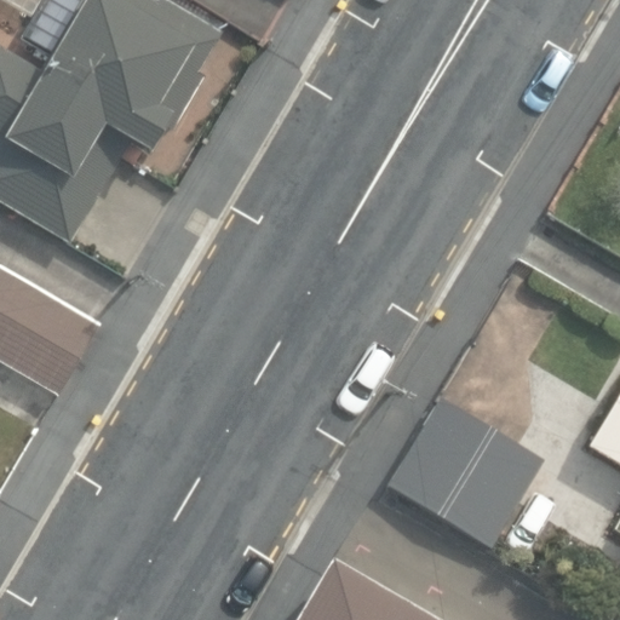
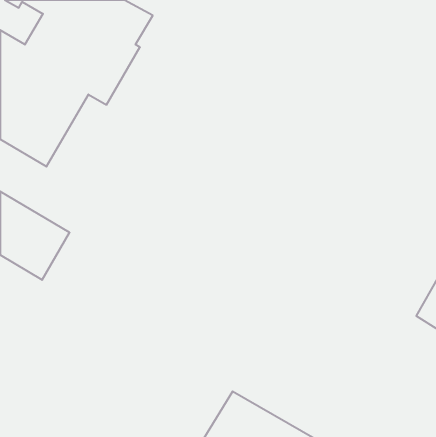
building: [389,400,544,549] -> none

